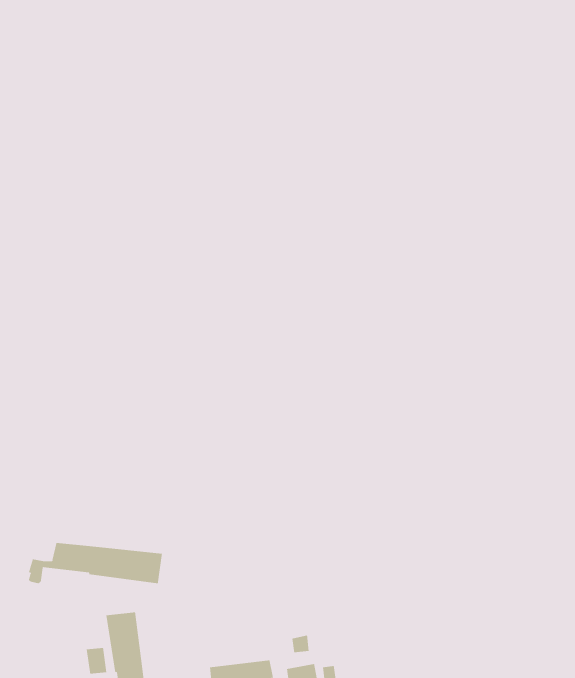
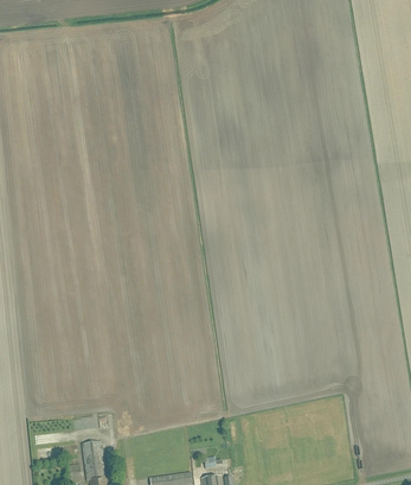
building: [28,542,162,584] -> none

